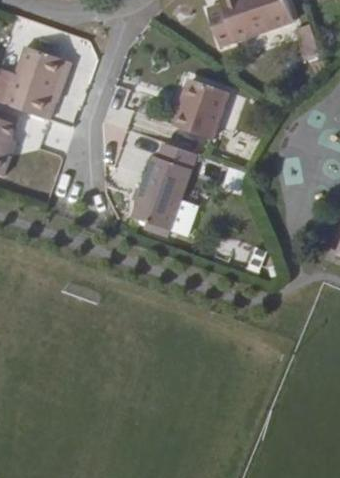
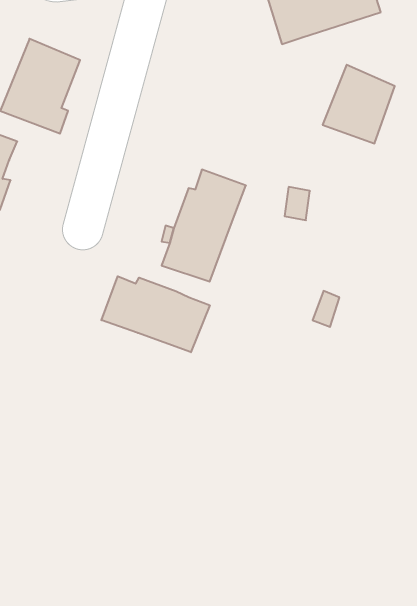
building: [183,85,237,144] -> [323,65,395,143]
building: none -> [101,276,210,352]

